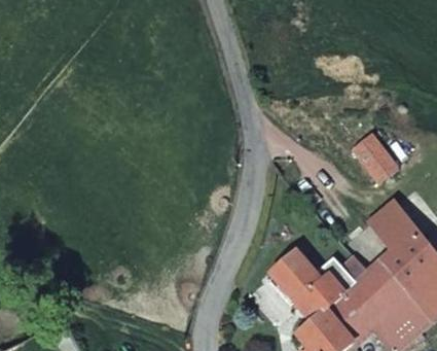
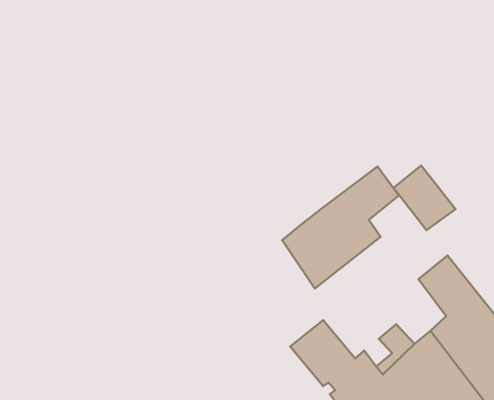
building: none -> [282,167,399,288]

